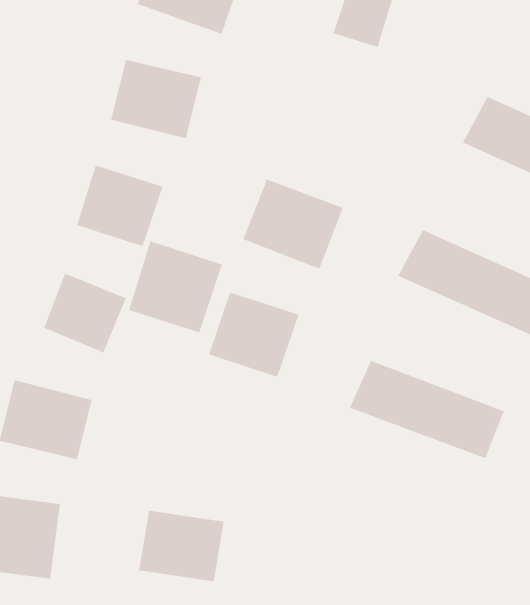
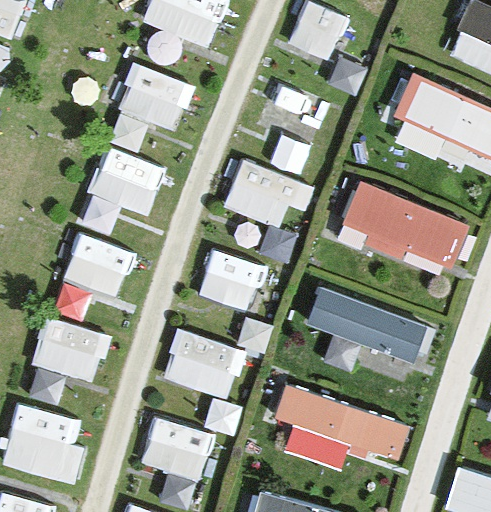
building: [128,240,223,333] -> none
building: none -> [160,325,244,399]
building: none -> [277,400,401,479]

